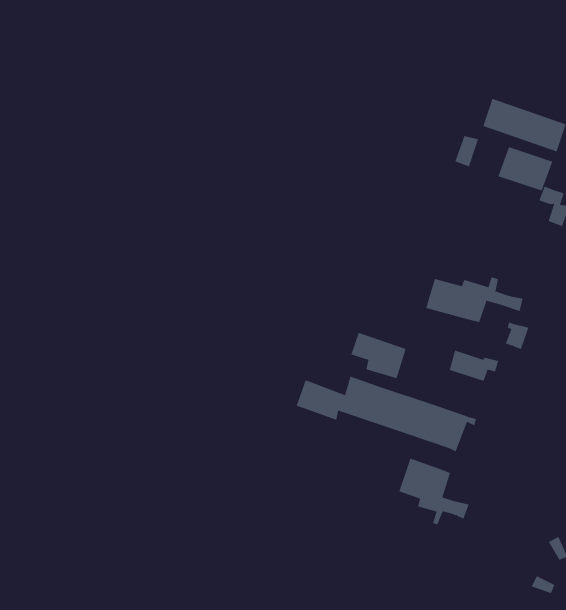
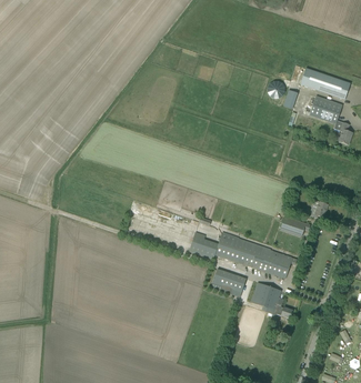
building: [426,276,523,323] -> none
building: [351,332,407,379] -> [212,268,245,295]

